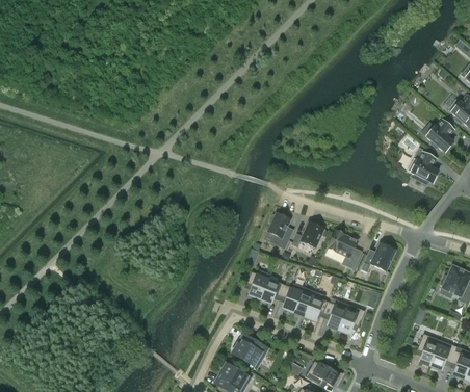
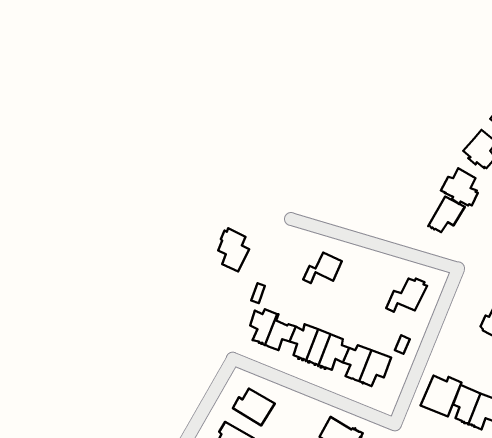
building: none -> [428,197,465,232]
building: [267,212,293,249] -> [218,228,249,271]
building: [328,230,361,268] -> none
building: none -> [421,376,461,416]

